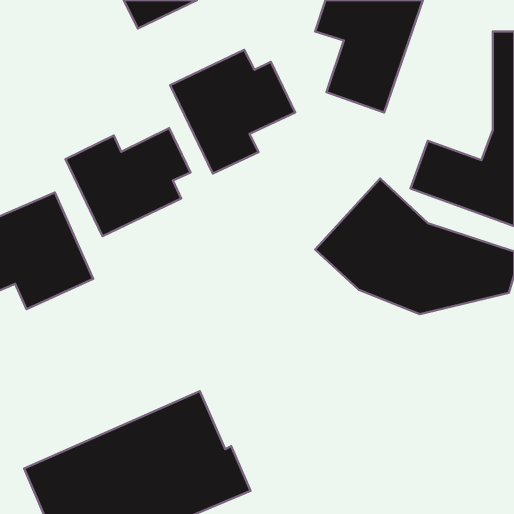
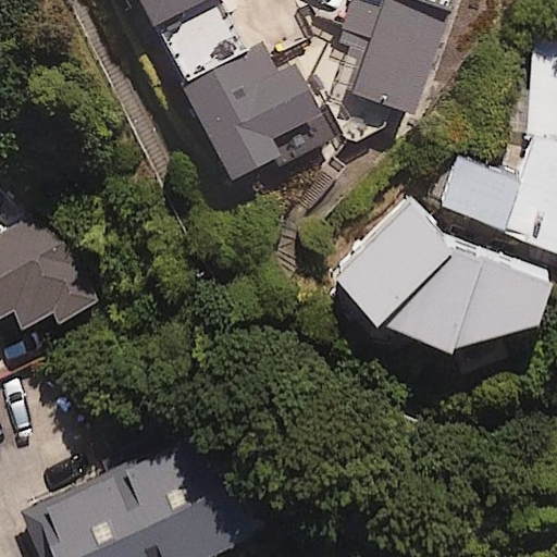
building: [66,128,190,236] -> none

